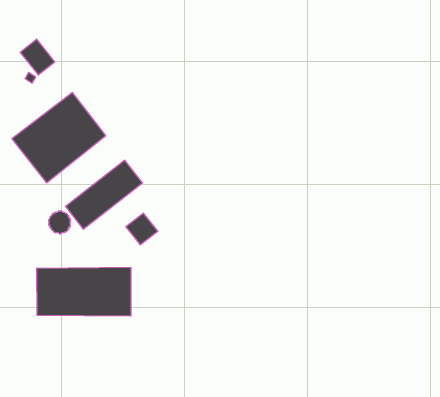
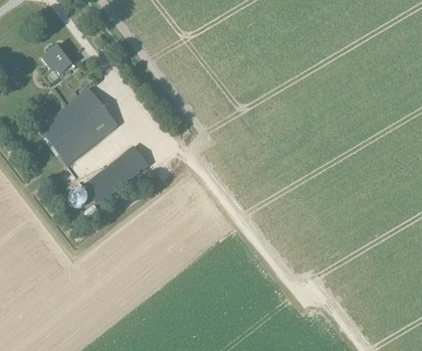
building: [126,213,158,245] -> none
building: [37,267,131,316] -> none

